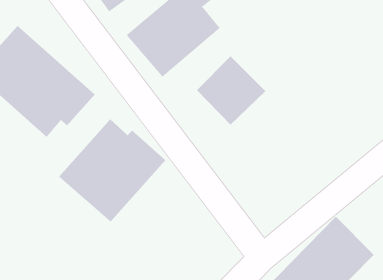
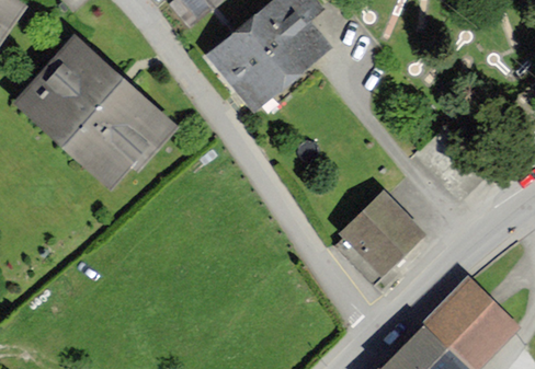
building: [196,56,266,126] -> [339,191,425,277]
building: [58,119,166,223] -> none

